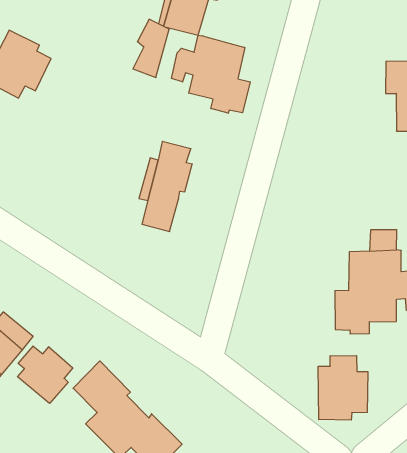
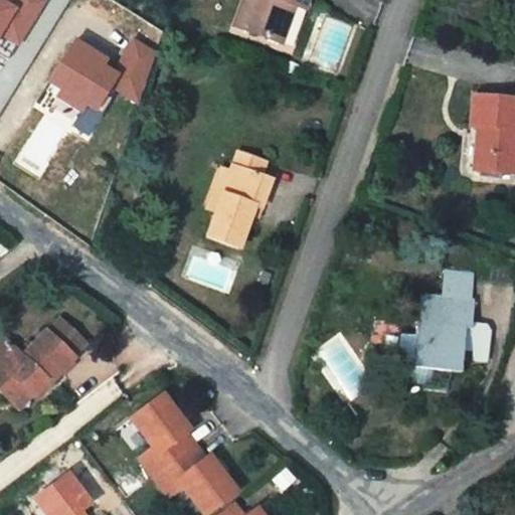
building: [133,19,169,78] -> [120,31,161,93]
building: [171,35,250,113] -> none
building: [18,346,73,403] -> none
building: [318,356,368,420] -> none

